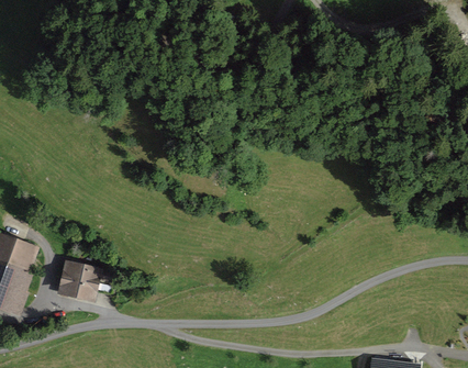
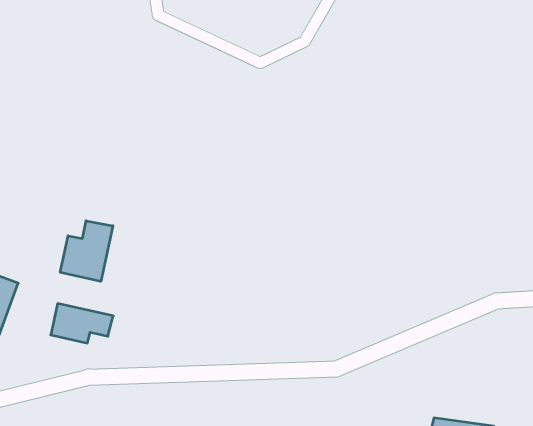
building: none -> [60,221,113,281]

